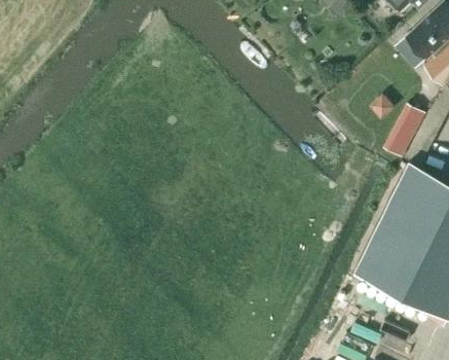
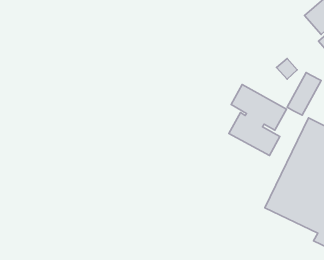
building: none -> [229,85,287,156]

